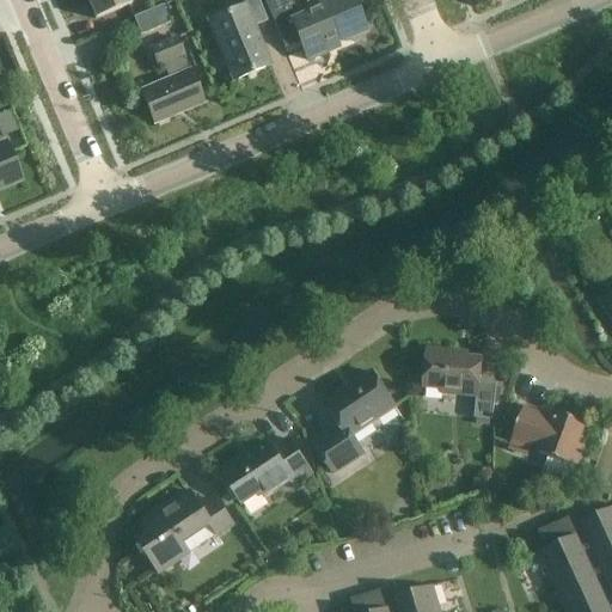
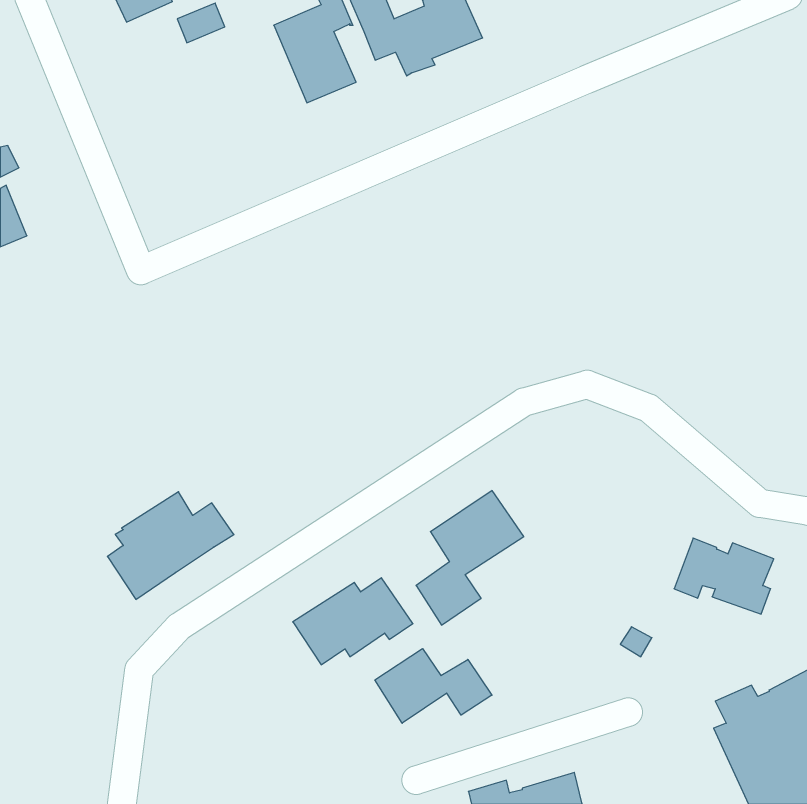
building: [141,37,204,122] -> none
building: [424,348,497,423] -> none
building: none -> [375,649,492,723]
building: [139,490,234,571] -> [107,492,234,599]

